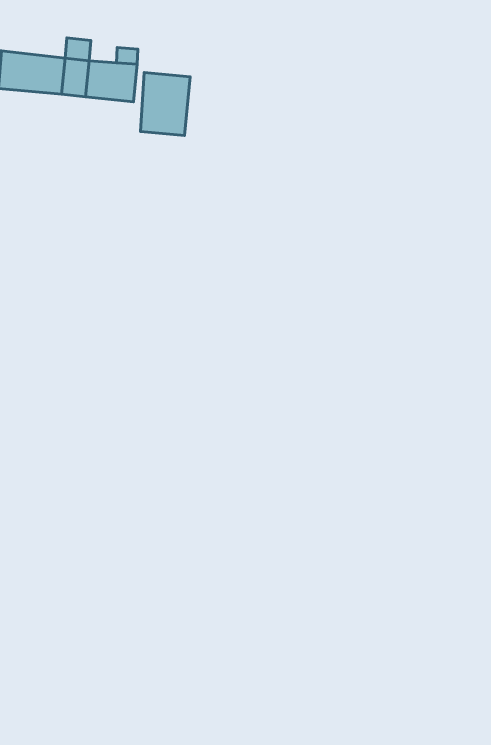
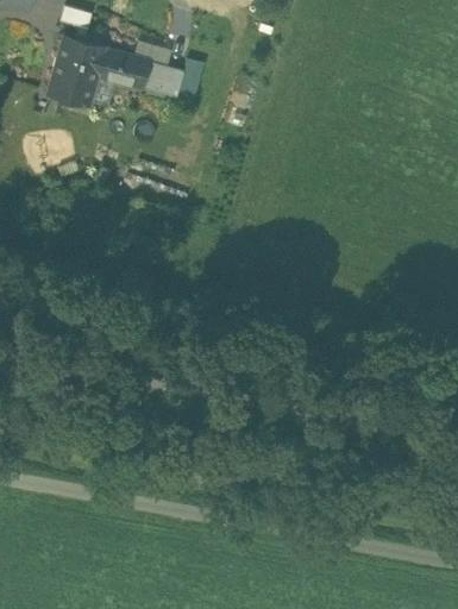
building: [140,72,190,135] -> none

